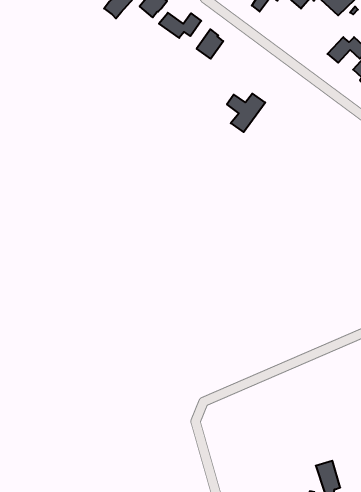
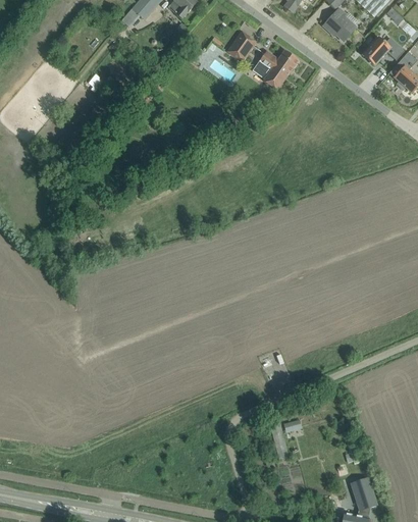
building: none -> [323,10,356,41]
building: [159,13,201,38] -> none
building: [227,94,265,132] -> [259,50,299,90]

